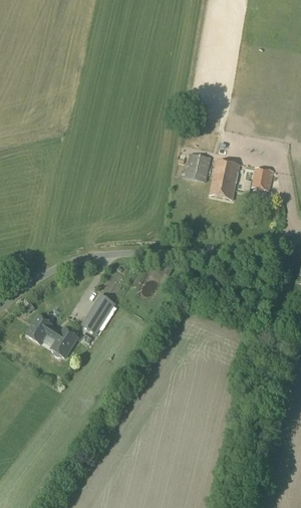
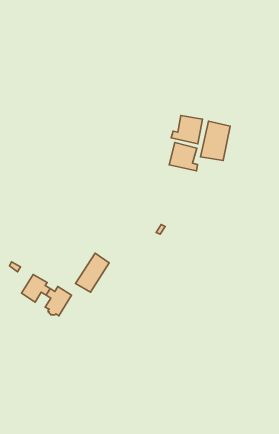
building: [251,167,273,190] -> none
building: none -> [169,143,198,171]

